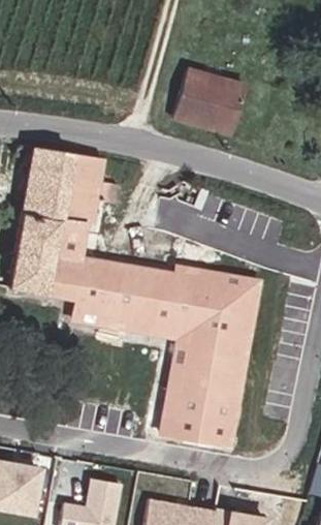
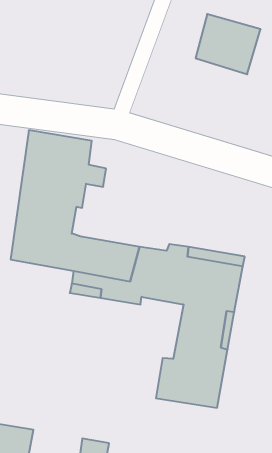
building: [172,68,243,133] -> [196,14,261,74]
building: [154,326,200,393] -> none

